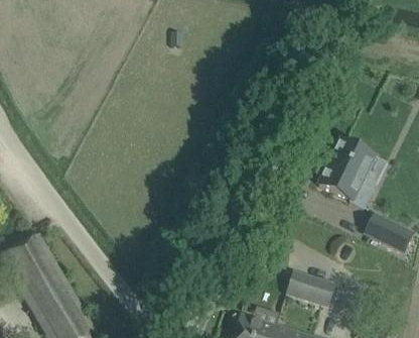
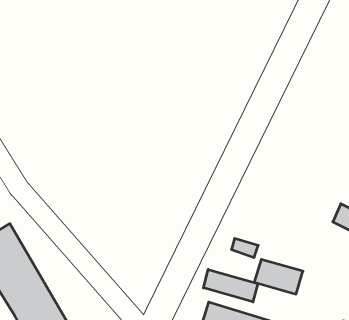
building: [318,140,377,209] -> none
building: none -> [203,269,258,302]

